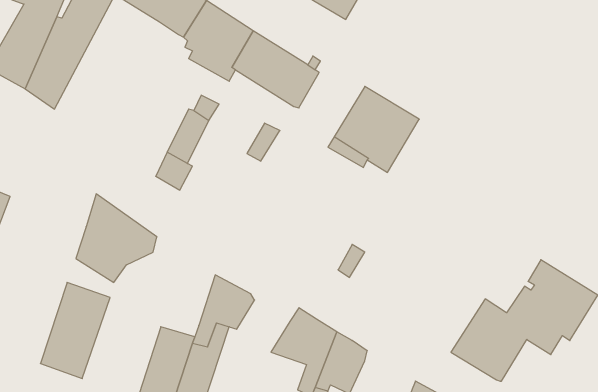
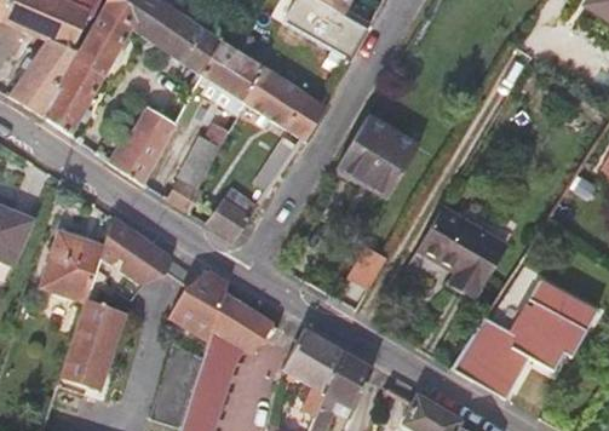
building: none -> [105,105,176,185]
building: none -> [206,194,260,240]
building: none -> [419,206,504,294]
building: none -> [45,235,103,300]
building: none -> [170,269,230,343]

